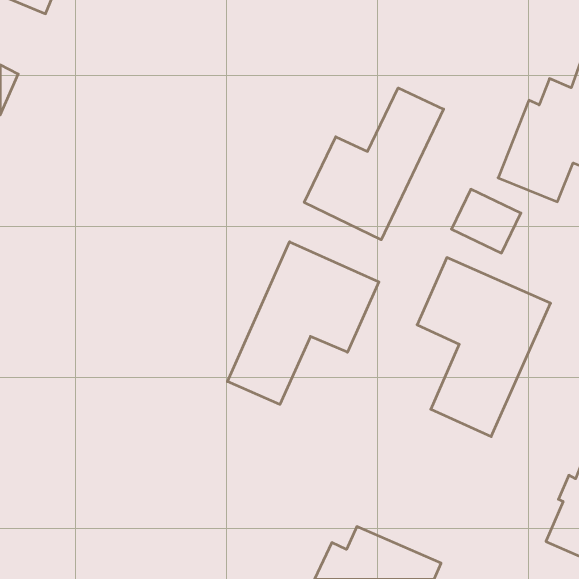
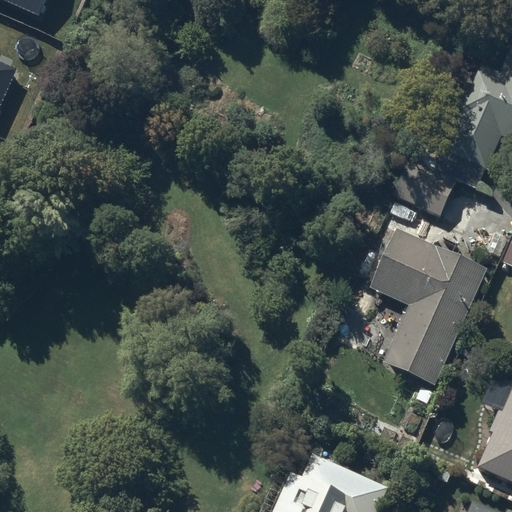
building: [304,88,444,240] -> none
building: [227,242,379,404] -> none

